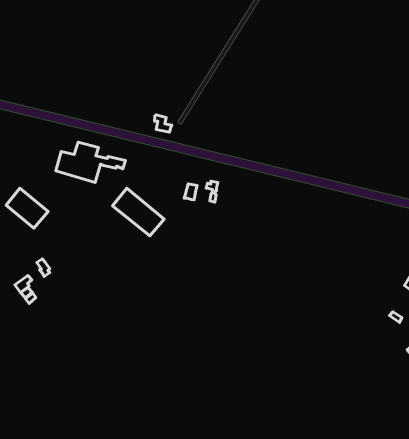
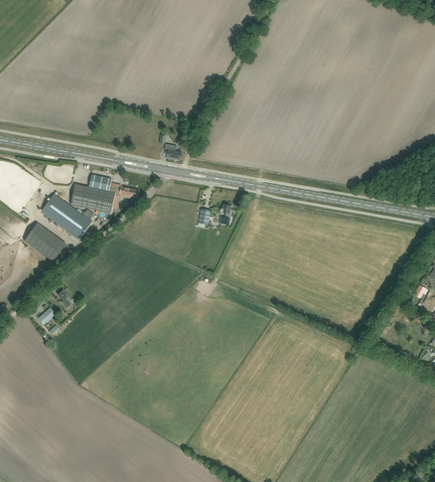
building: [113,188,164,236] -> [40,193,92,238]

